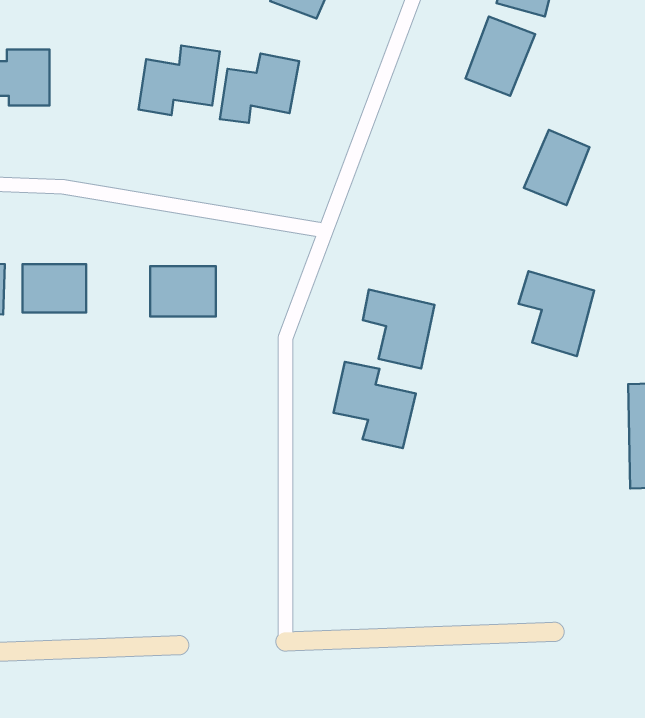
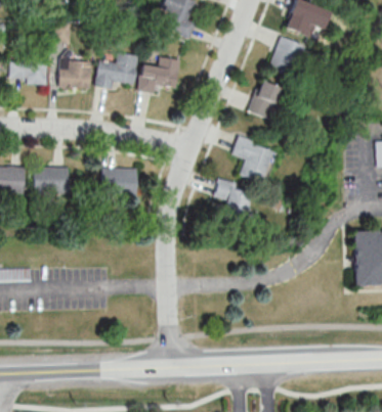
building: none -> [60,60,91,87]
building: [524,130,590,205] -> [247,81,282,121]
building: [519,271,594,356] -> [232,138,272,183]
building: [333,362,416,448] -> none

